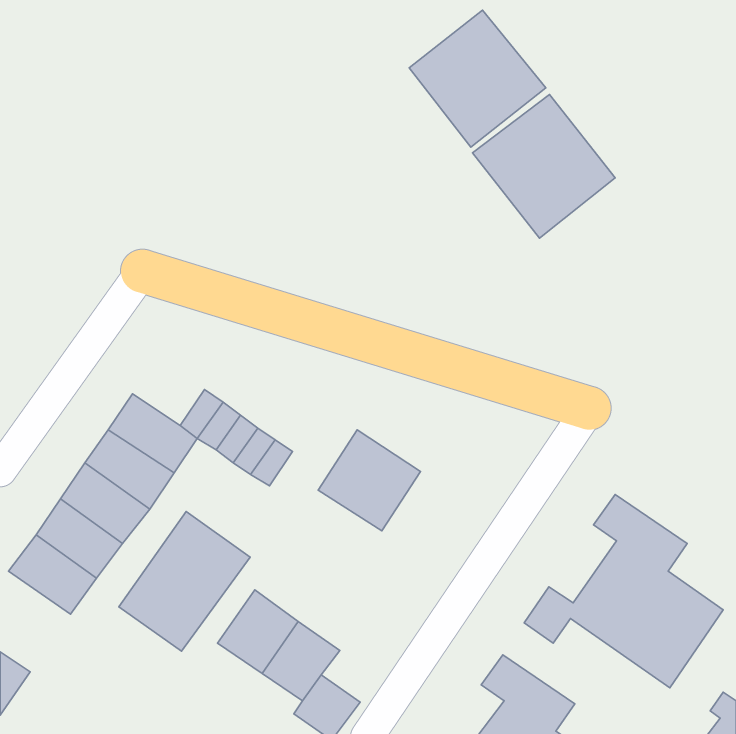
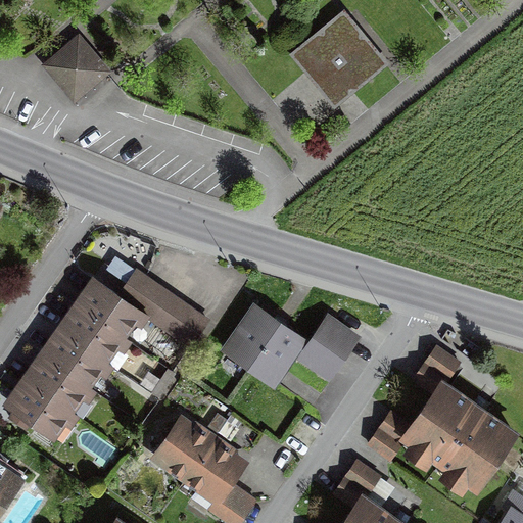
building: none -> [48,40,104,97]
building: [472,94,615,238] -> none
building: none -> [298,319,352,376]
building: [119,512,250,651] -> none

